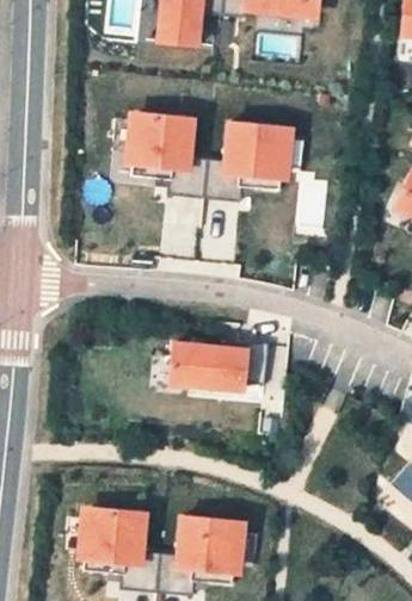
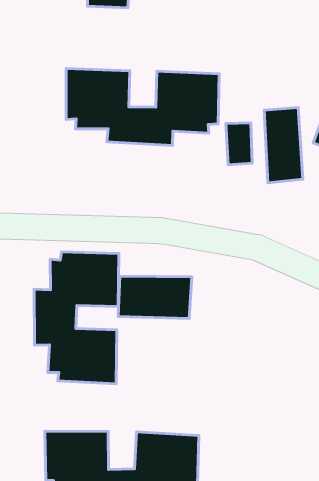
building: none -> [264,107,303,183]
building: none -> [34,252,119,384]

